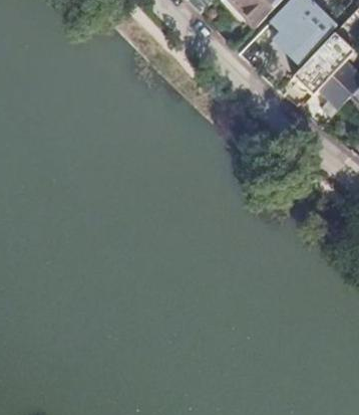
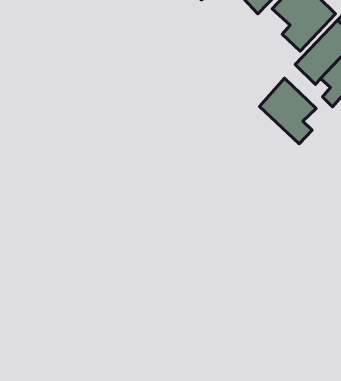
building: none -> [260,78,316,144]

